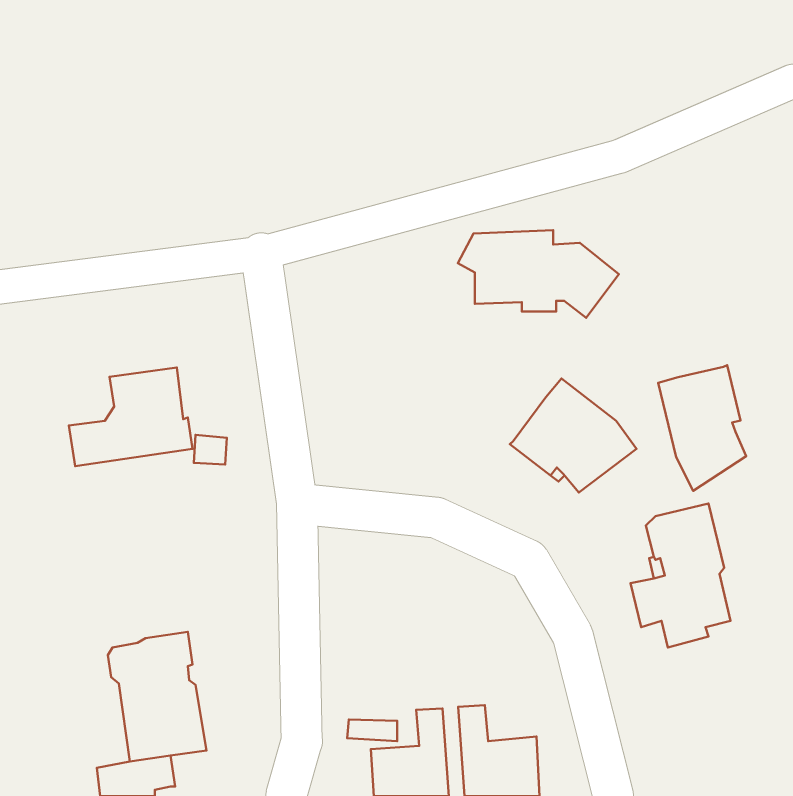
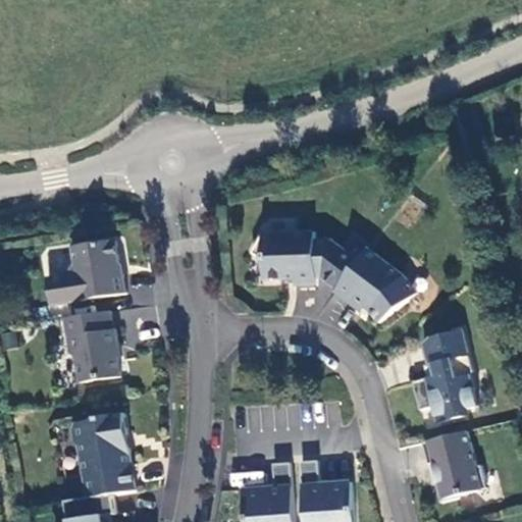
building: [458,230,619,318] -> [251,230,356,288]
building: [658,365,746,491] -> none
building: none -> [64,310,119,382]
building: none -> [421,430,485,502]

